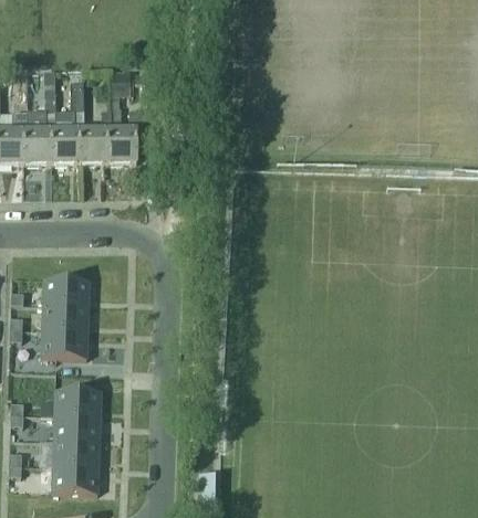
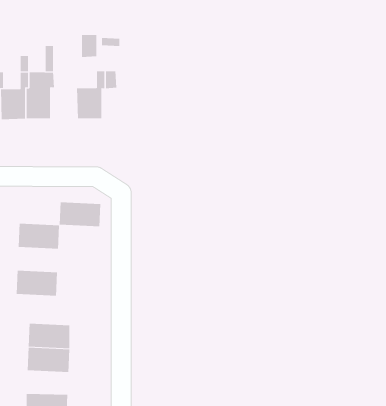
building: [80,108,112,161] -> none
building: [42,303,89,330] -> [59,202,101,227]
building: [52,438,100,465] -> none

